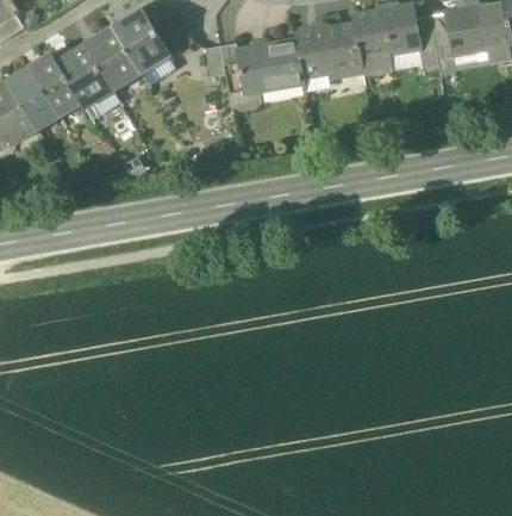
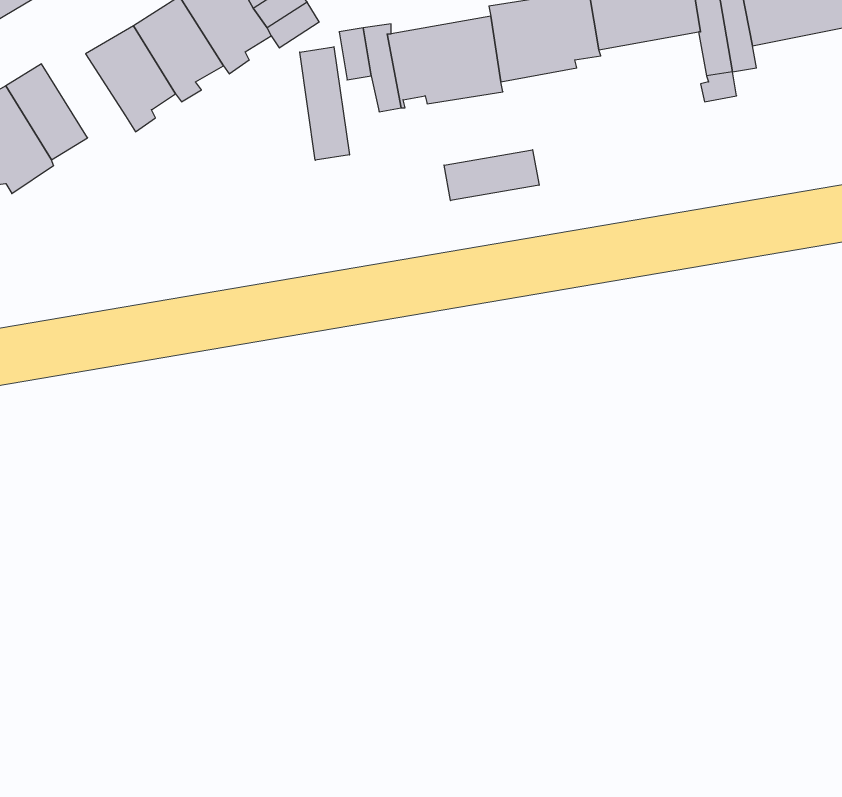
building: [29,55,79,112] -> none
building: none -> [300,47,349,160]
building: none -> [444,150,539,201]

